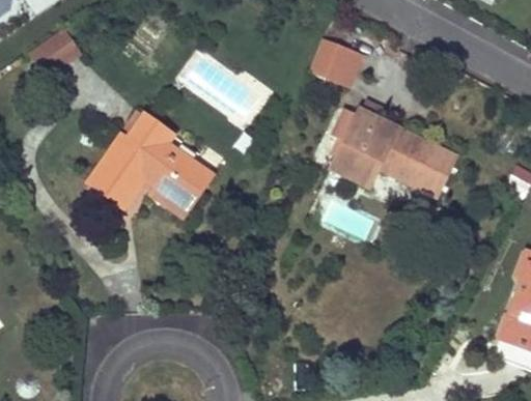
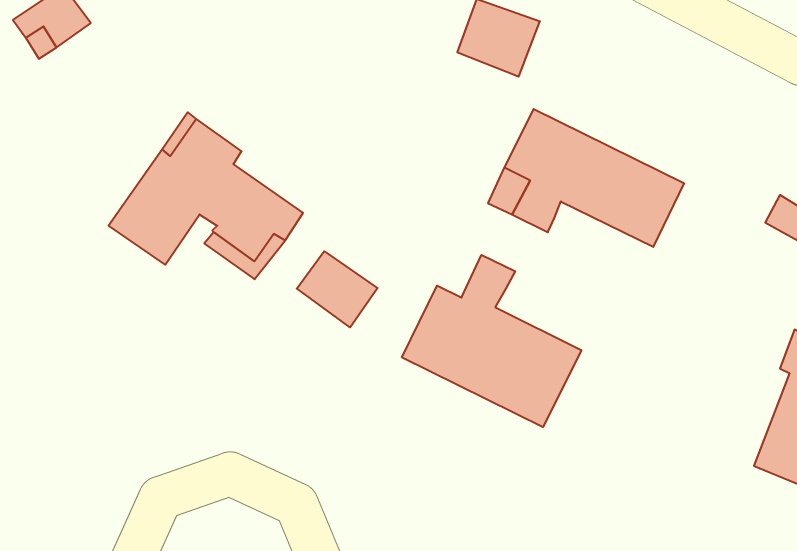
building: none -> [297,251,378,327]
building: none -> [402,255,581,427]

